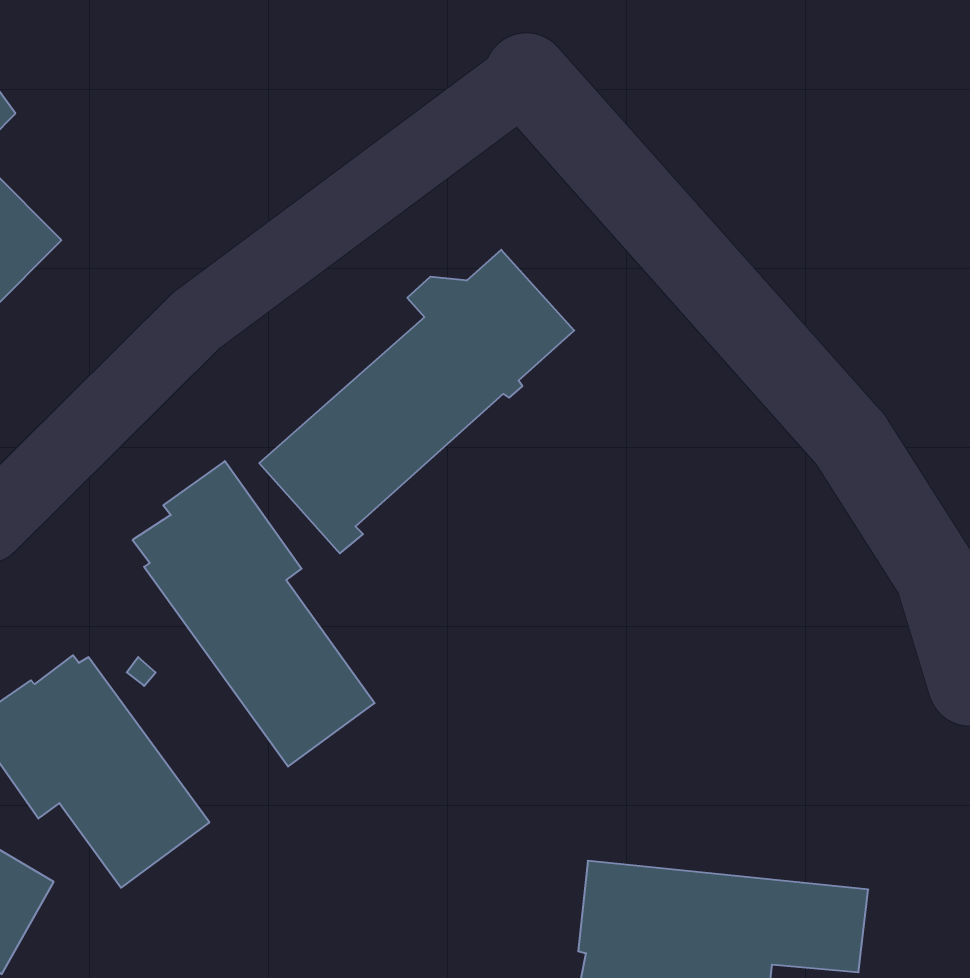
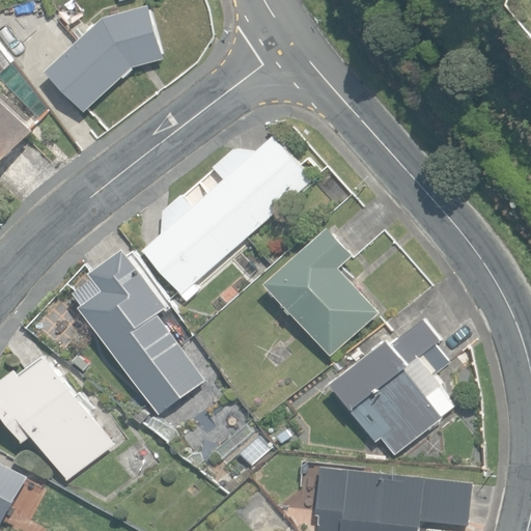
building: none -> [45,6,163,114]
building: none -> [263,227,378,357]
building: none -> [329,320,451,455]

